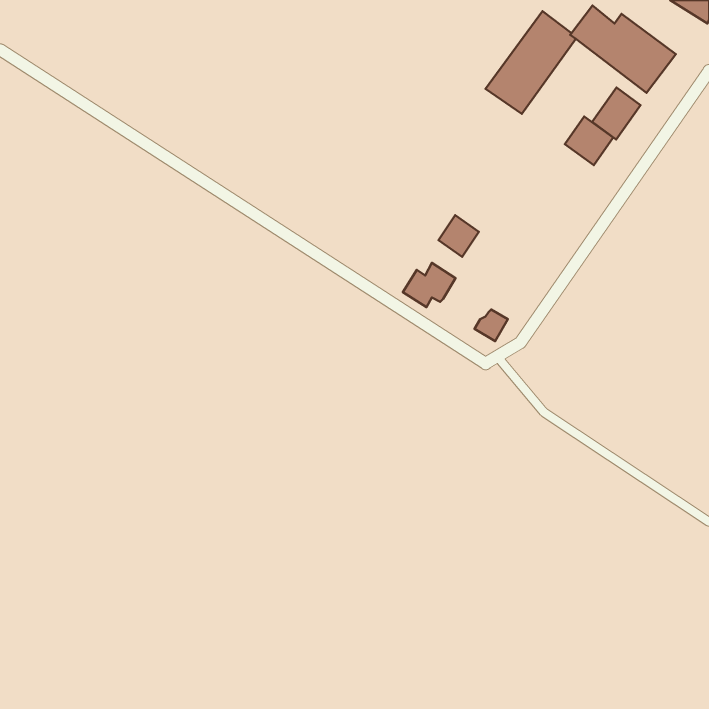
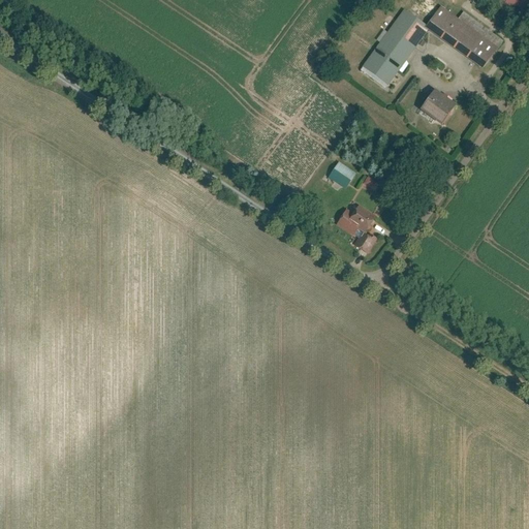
building: [592,88,640,139] -> none
building: [403,263,456,307] -> [336,204,375,237]

